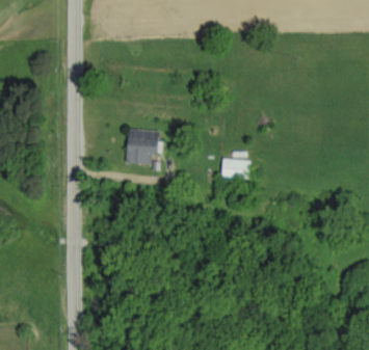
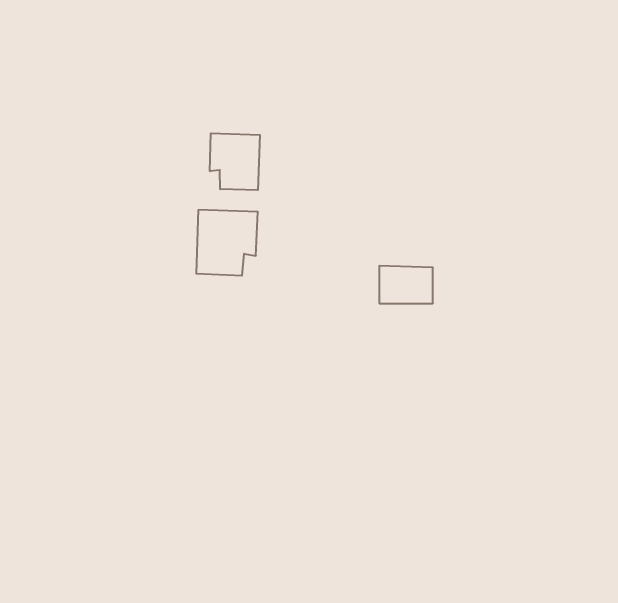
building: none -> [210,133,260,190]

